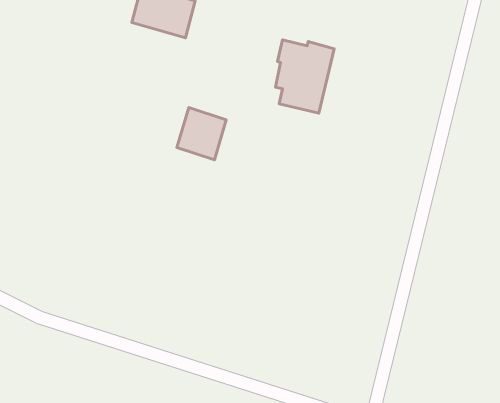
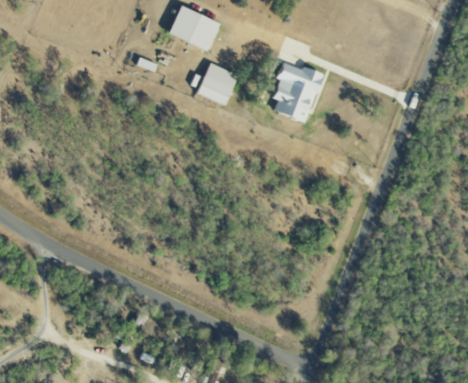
building: [177,107,226,160] -> [196,62,238,105]

